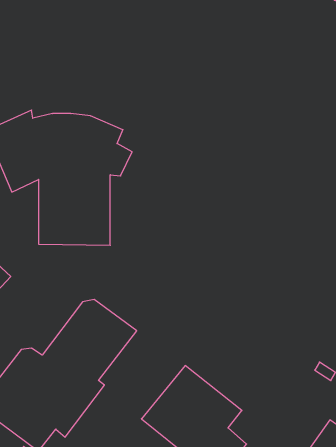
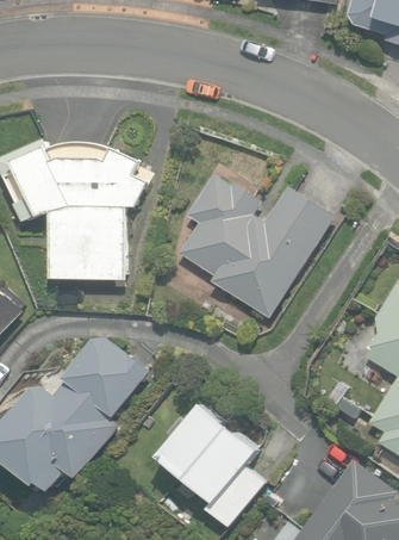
building: none -> [177,175,333,317]

